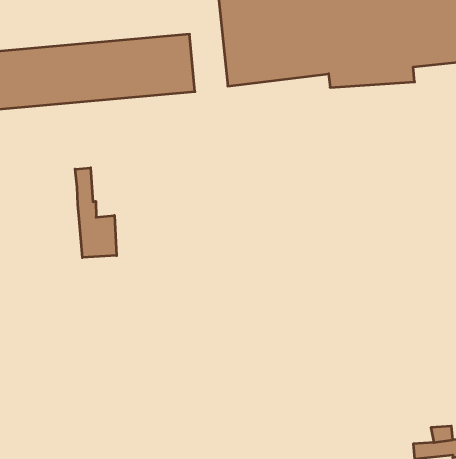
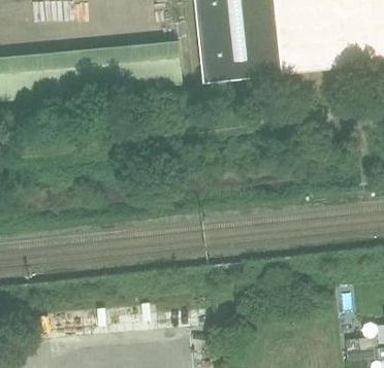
building: [75,168,117,258] -> none

